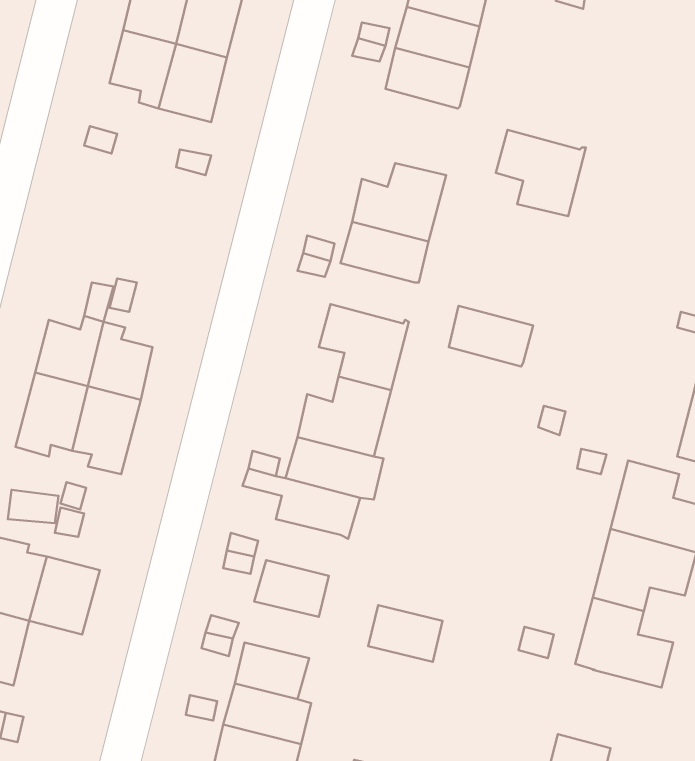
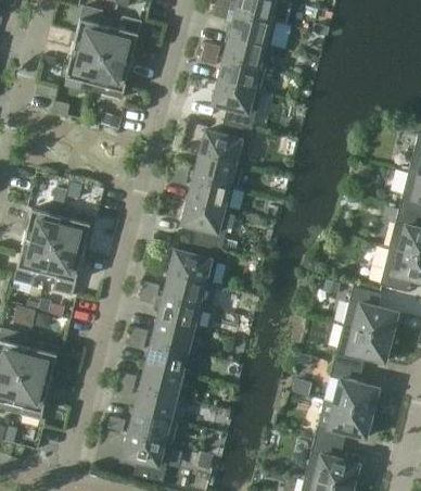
building: [496,130,586,216] -> [212,79,261,127]
building: [449,306,533,367] -> [188,176,234,210]
building: none -> [152,318,193,350]
building: [368,605,443,662] -> [140,364,181,395]
building: none -> [12,375,50,414]
building: none -> [314,399,371,445]

